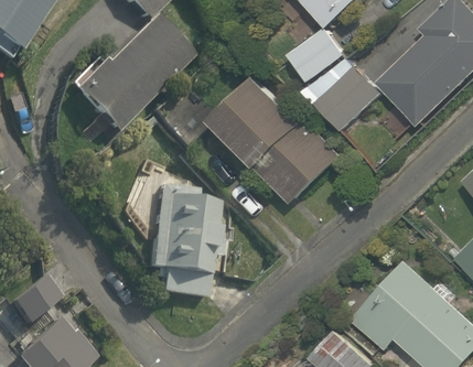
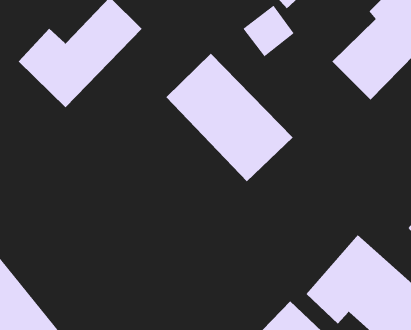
building: [309,55,380,127] -> none
building: [143,193,215,299] -> none

